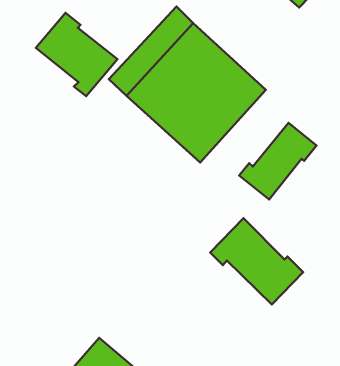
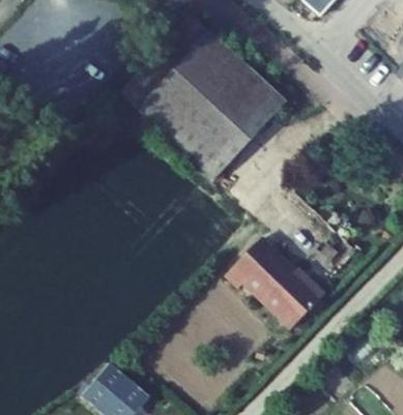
building: [36,13,118,96] -> none
building: [239,123,317,199] -> none

